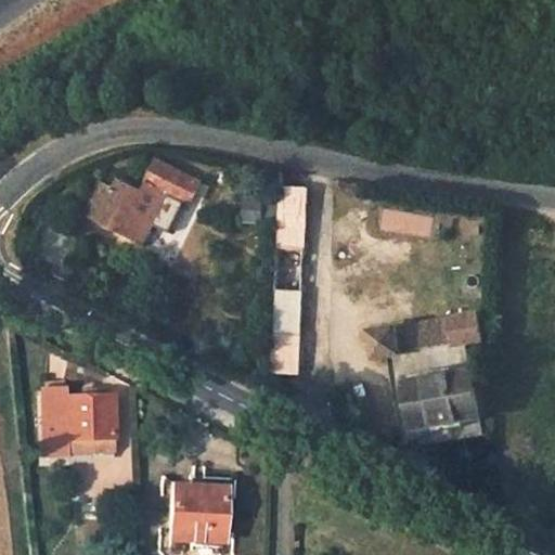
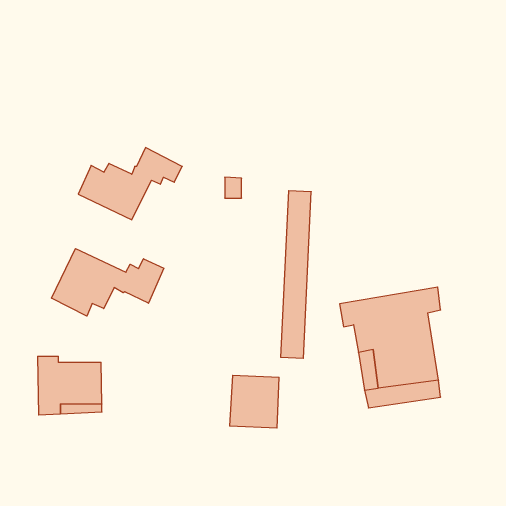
building: [272,186,306,370] -> [281,191,311,358]
building: none -> [52,249,164,316]
building: [168,483,222,541] -> [230,375,279,428]

